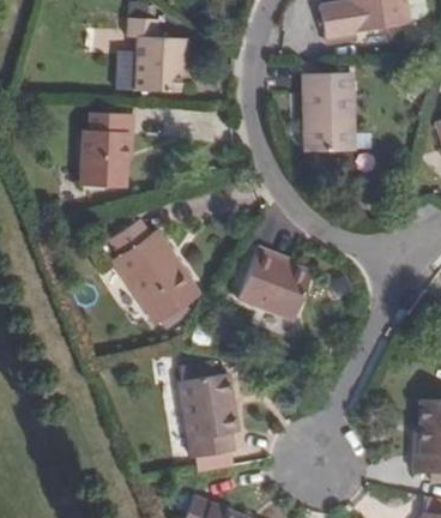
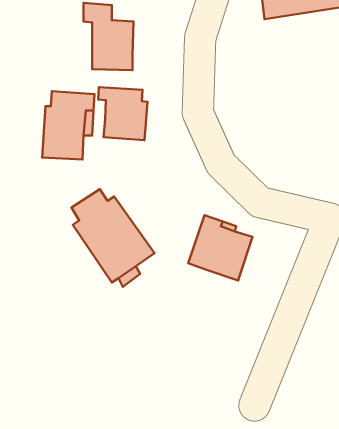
building: [300,70,350,149] -> none
building: none -> [98,87,147,140]
building: [179,374,236,458] -> none

